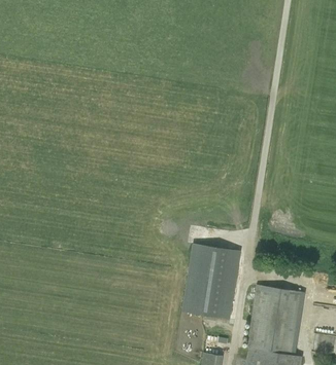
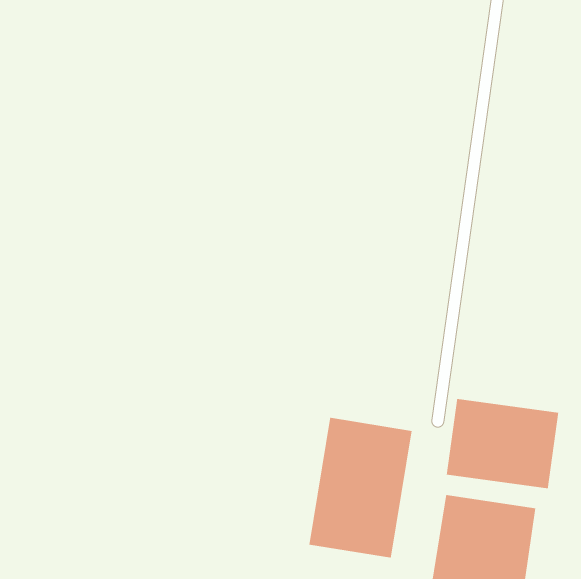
building: none -> [446,398,559,489]

